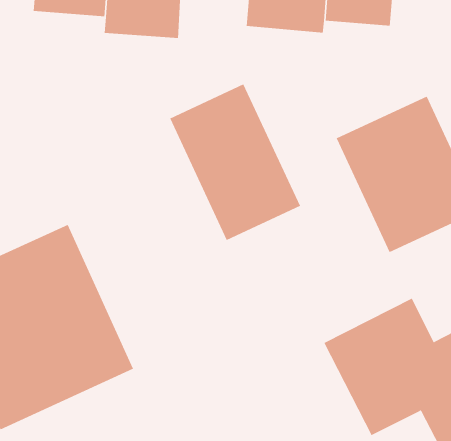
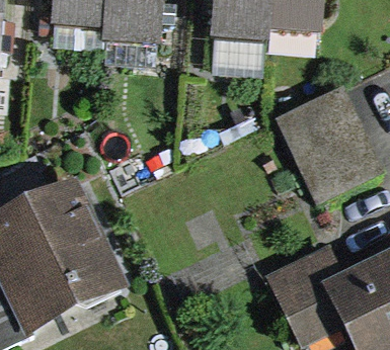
building: [169,83,301,241] -> none

